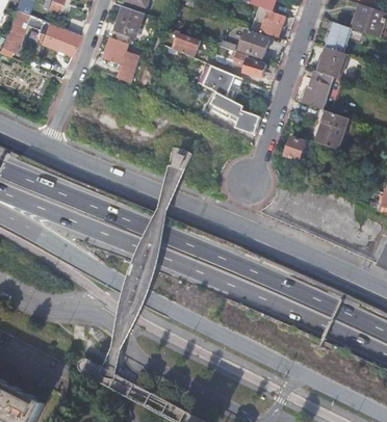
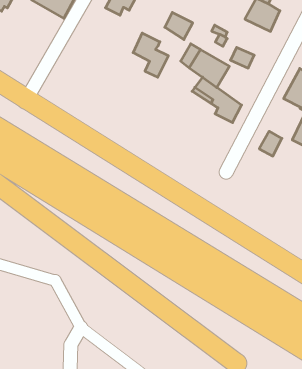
building: [239,30,269,57] -> none
building: [103,37,138,79] -> [133,33,168,77]

